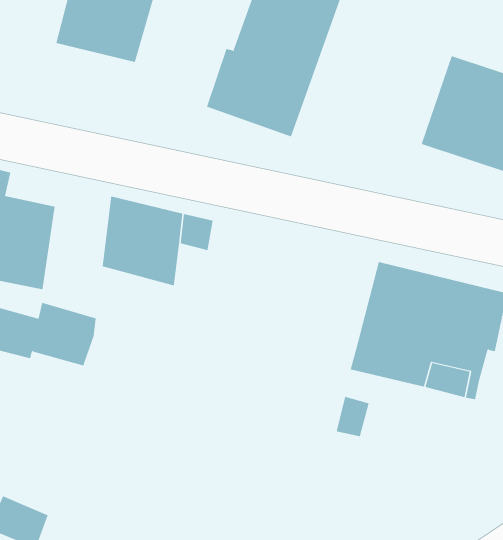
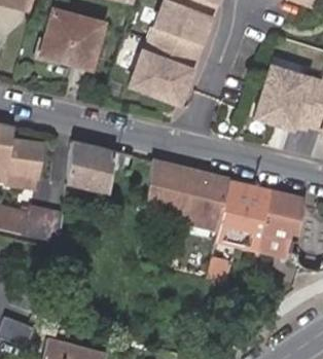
building: none -> [146,159,229,229]

